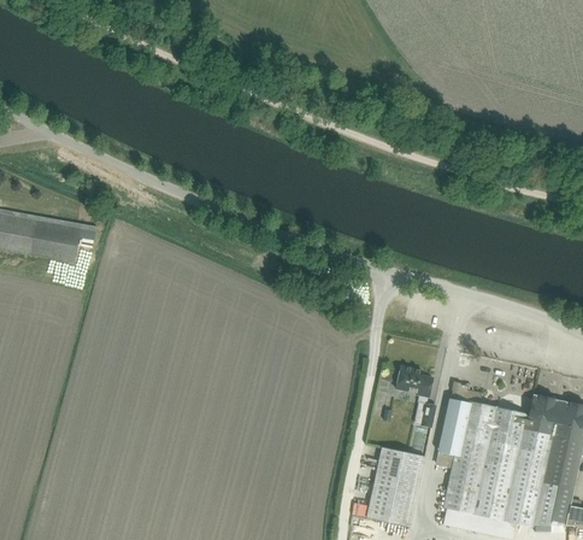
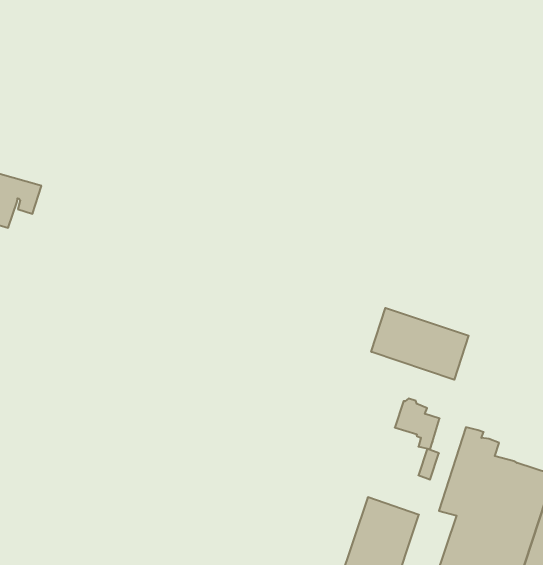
building: none -> [371,308,469,380]

